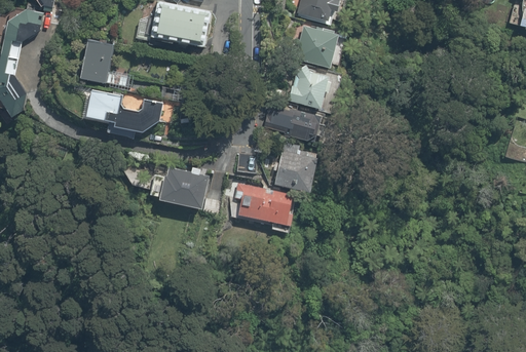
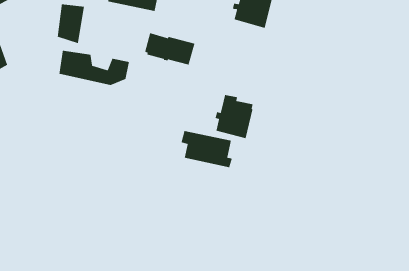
building: [286,66,329,110] -> none
building: [261,105,320,143] -> [144,32,196,66]
building: [157,167,208,210] -> none

